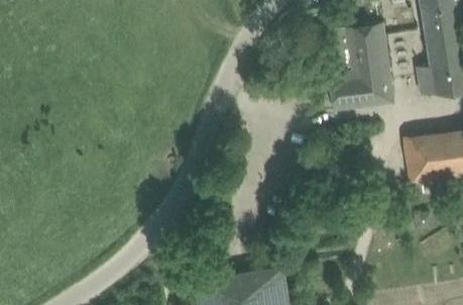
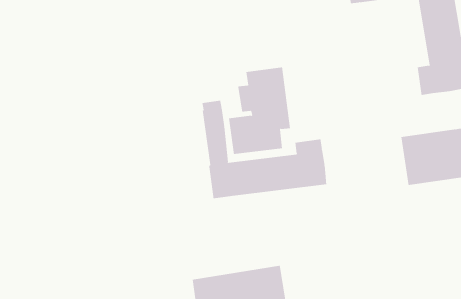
building: [327,24,389,112] -> [228,67,291,155]
building: none -> [202,100,327,199]

